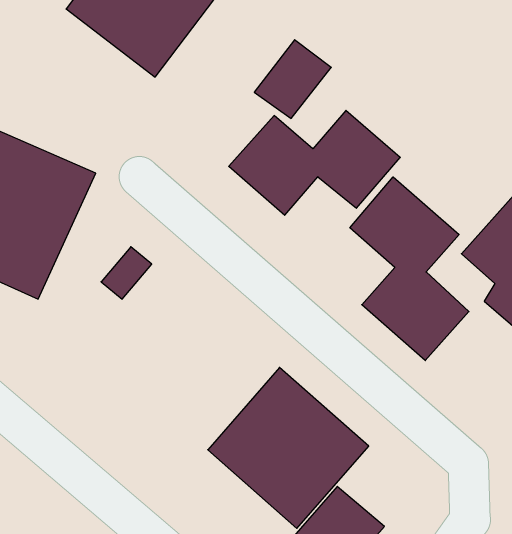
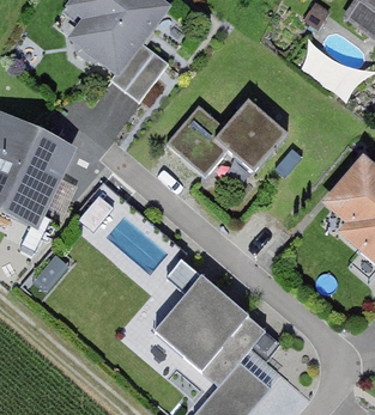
building: [254,40,331,118] -> [116,42,169,96]
building: [350,177,469,361] -> none

